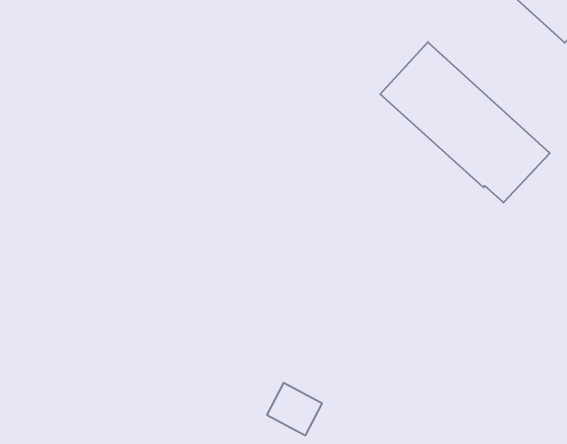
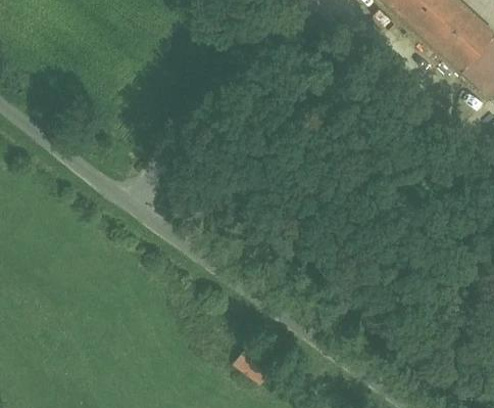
building: [380,42,550,203] -> none

